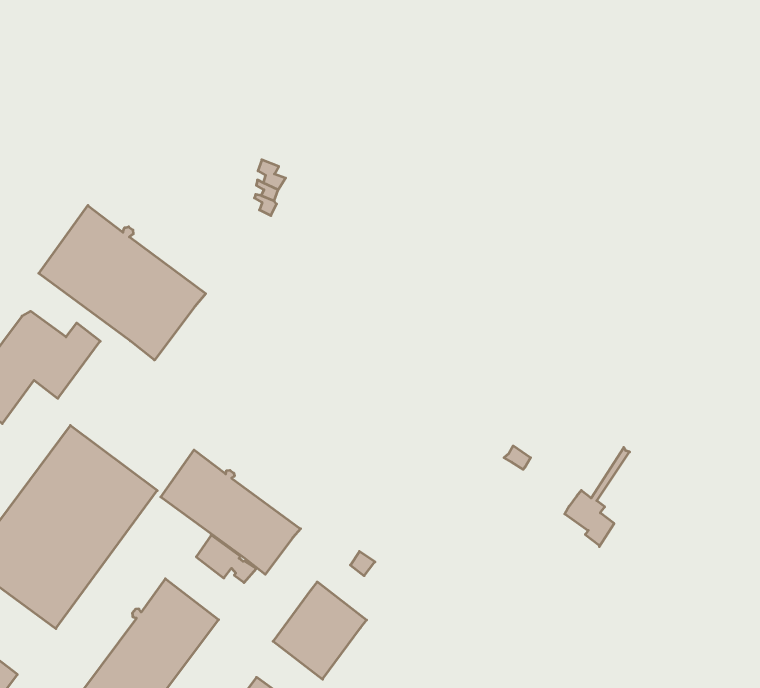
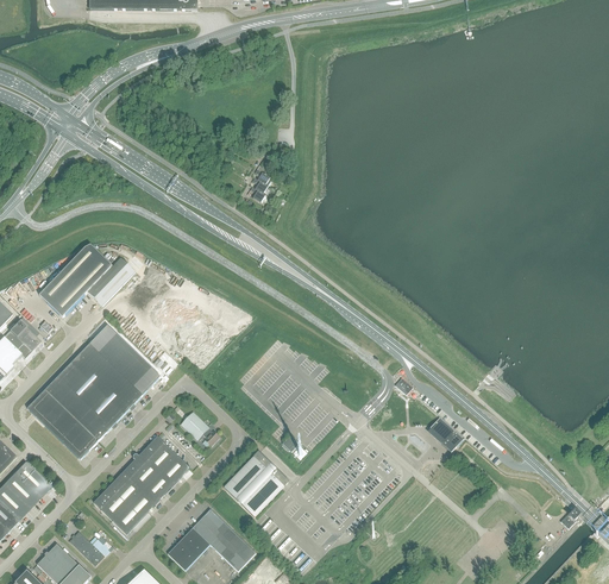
building: [39,205,206,360] -> none
building: [161,450,301,574] -> none

